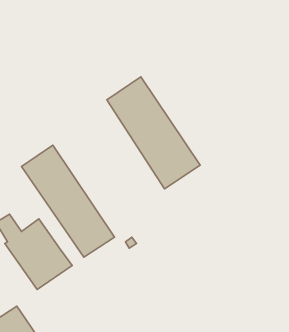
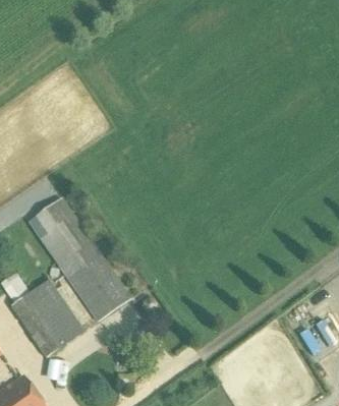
building: [107,77,200,189] -> none

